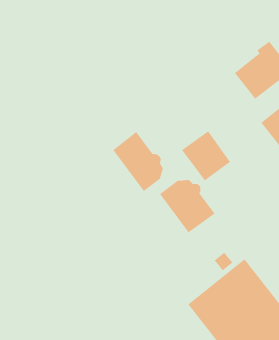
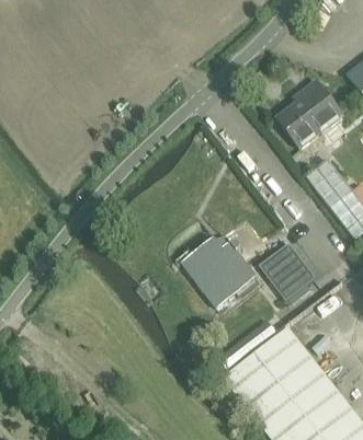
building: [181,131,231,181] -> [258,240,314,297]
building: [112,131,163,192] -> none

